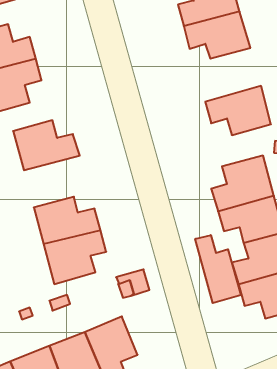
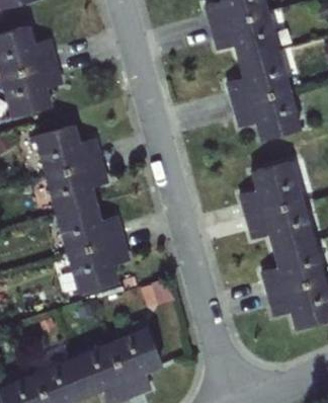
building: none -> [226,50,291,105]
building: none -> [46,161,109,215]
building: [195,235,241,303] -> none

